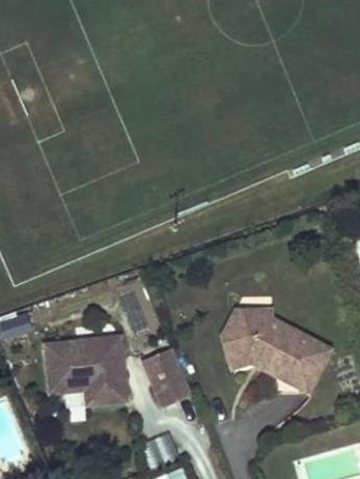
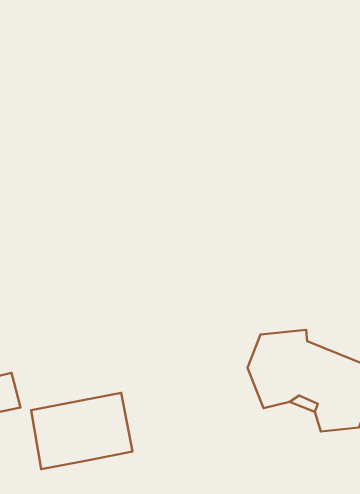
building: [84,338,128,406] -> none
building: [143,348,193,408] -> none

